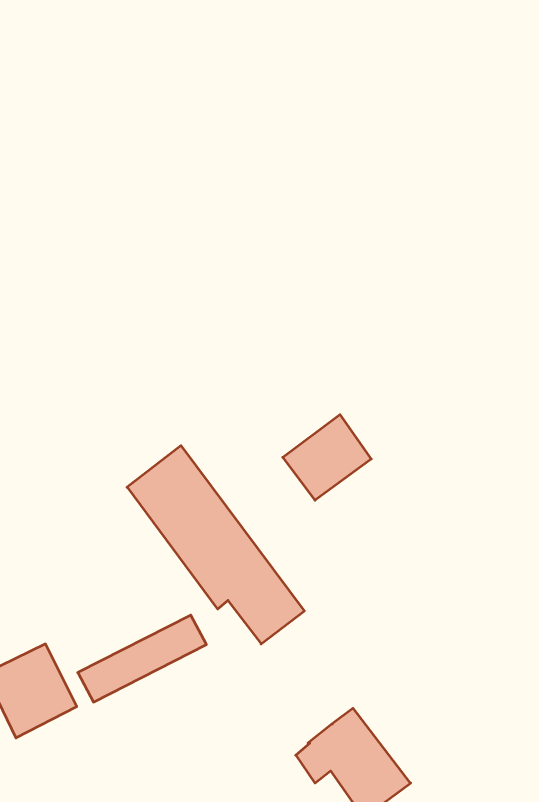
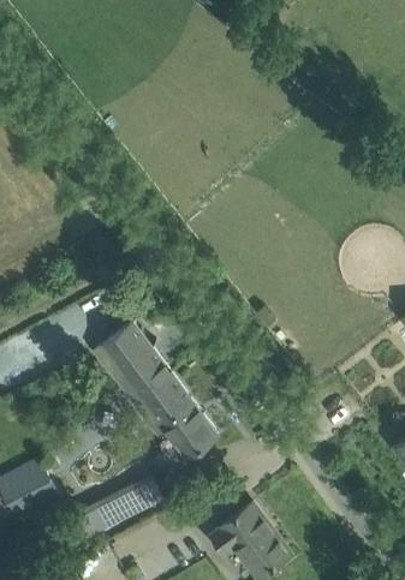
building: [283,415,371,500] -> none
building: [78,615,206,702] -> [73,482,162,542]

